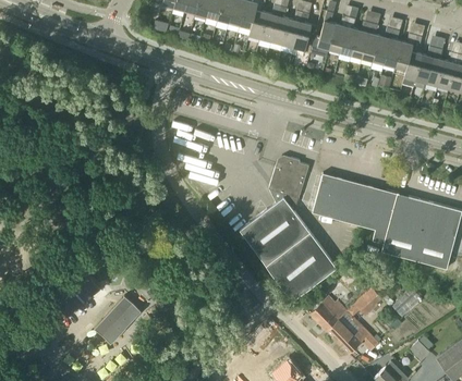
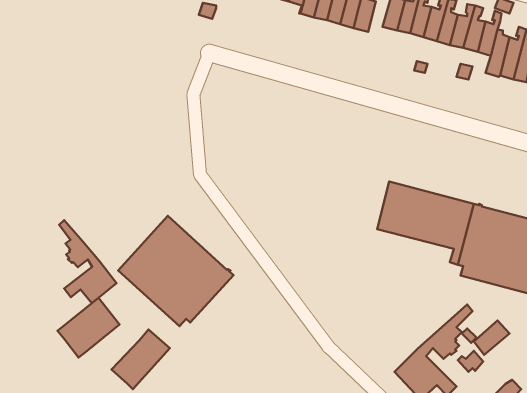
building: [240,159,337,302] -> none
building: none -> [118,216,233,326]
building: none -> [59,220,117,303]
building: [311,296,346,331] -> none

